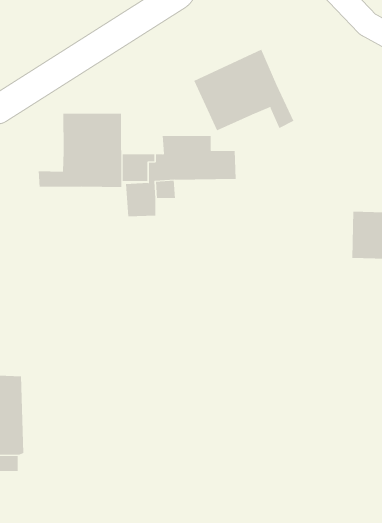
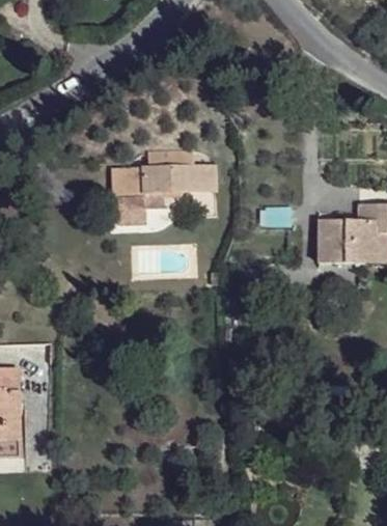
building: [194,49,294,131] -> none
building: [38,113,122,188] -> none

